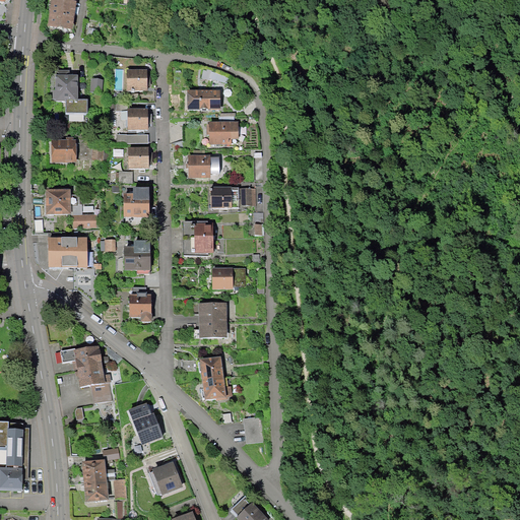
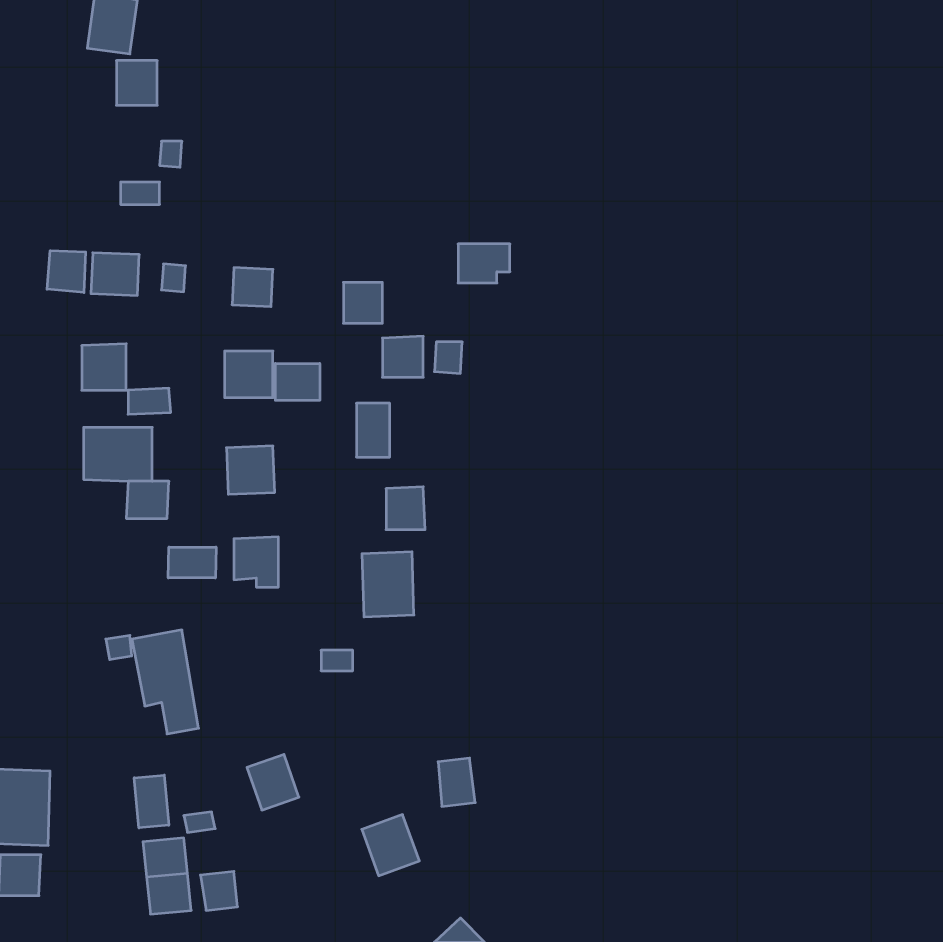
building: [126,69,147,90] -> none
building: [54,75,76,100] -> [116,61,157,105]
building: [186,90,219,109] -> none
building: [126,109,147,129] -> none
building: [208,122,237,143] -> [458,244,510,283]
building: none -> [47,251,86,293]
building: none -> [275,363,320,400]
building: none -> [168,547,216,578]
building: [199,355,225,399] -> none
building: none -> [134,775,169,828]
building: [151,460,183,494] -> [362,815,419,876]

